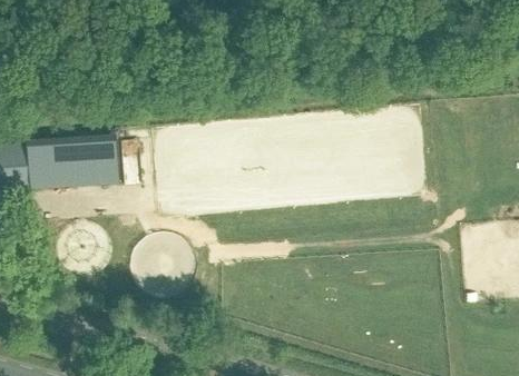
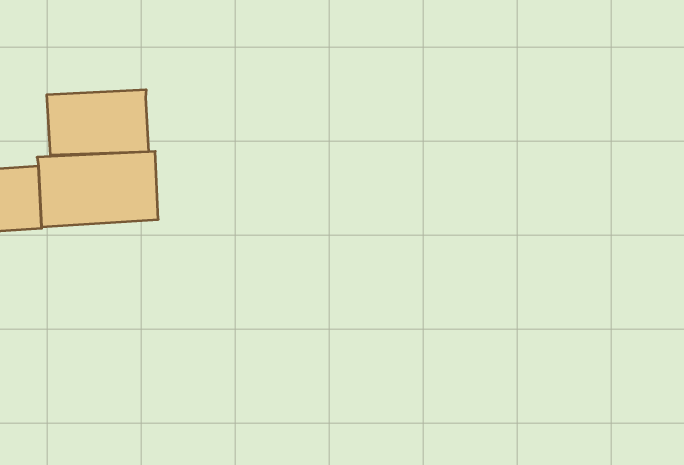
building: none -> [47,90,148,155]

